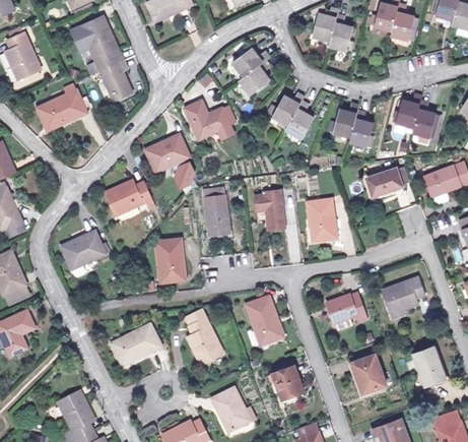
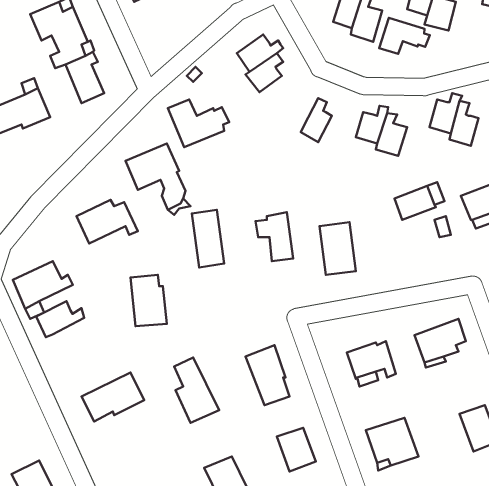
building: none -> [379,18,430,54]
building: [276,89,307,121] -> none
building: none -> [36,301,84,337]

